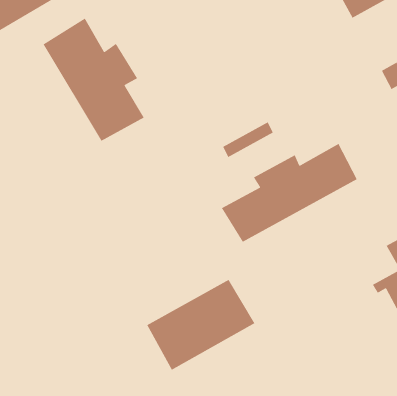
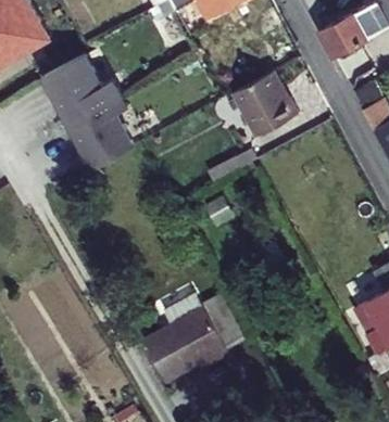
building: none -> [235,76,300,139]
building: [221,143,358,243] -> none

